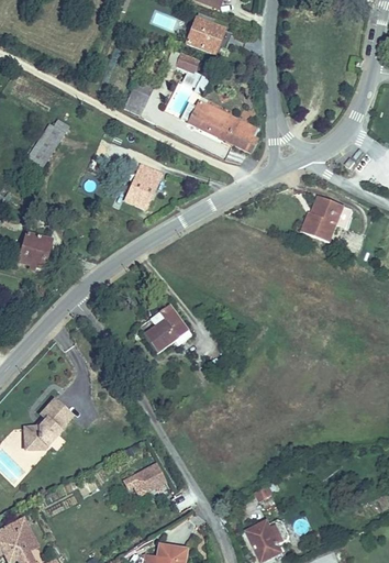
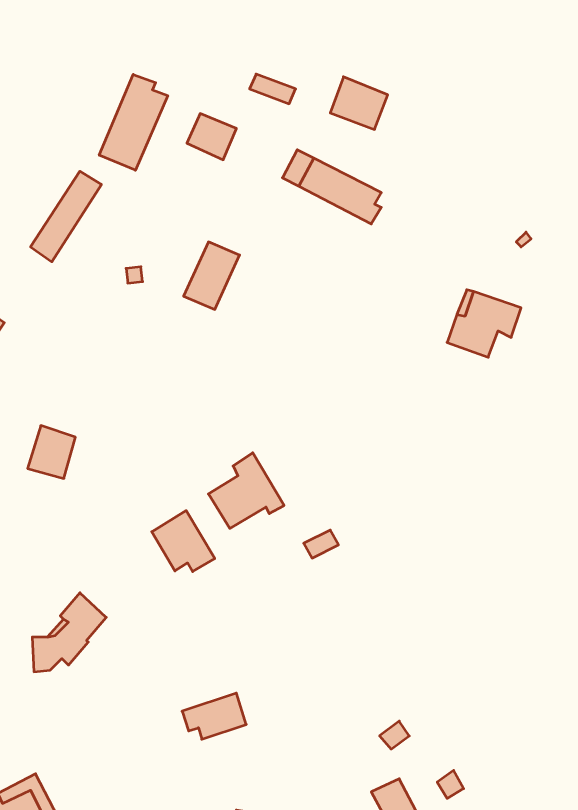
building: [187,15,225,51] -> [330,77,388,129]
building: none -> [99,74,168,170]
building: [18,234,49,269] -> [28,426,75,478]
building: none -> [152,511,215,572]

